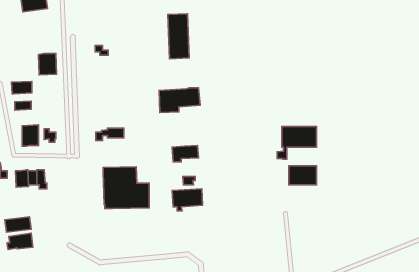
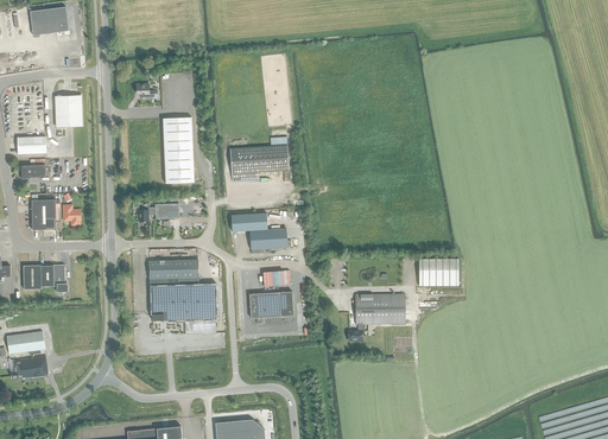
building: [168,14,189,59] -> [163,116,194,182]
building: [277,127,316,159] -> [348,293,405,341]
building: none -> [230,212,267,230]

